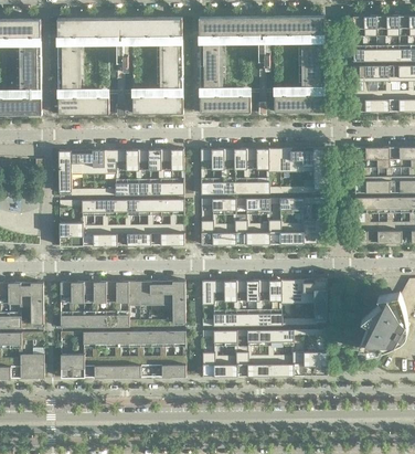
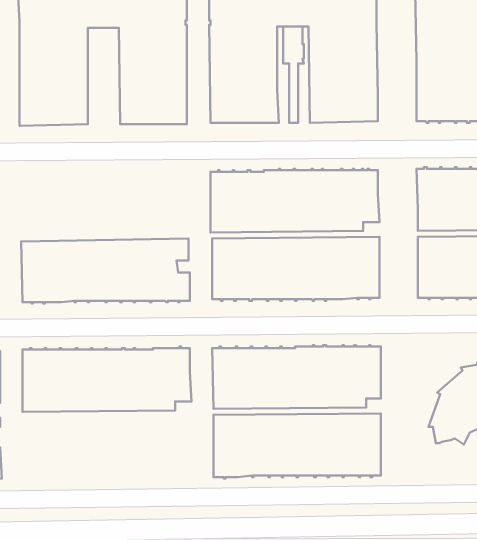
building: [111,41,127,113] -> none
building: [58,147,183,194] -> none
building: [60,330,185,378] -> none

